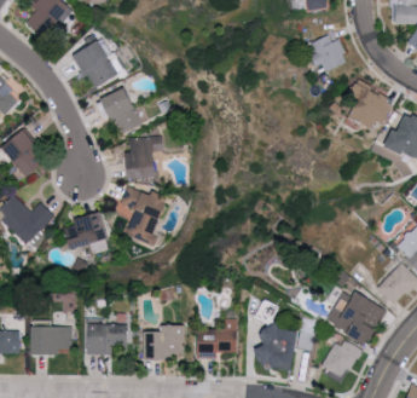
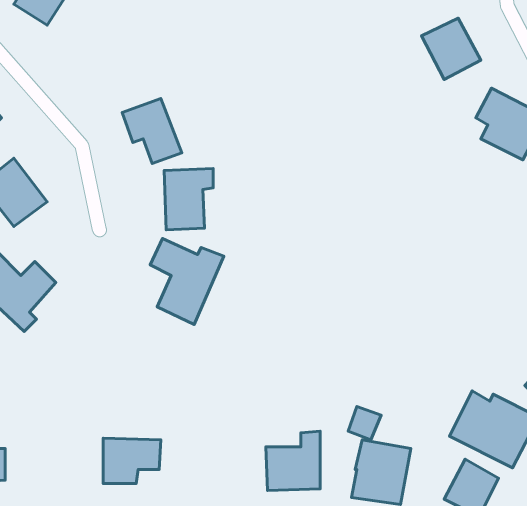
building: [75,40,120,87] -> none
building: [64,212,111,254] -> none
building: [33,321,70,354] -> none
building: [144,325,185,360] -> none

